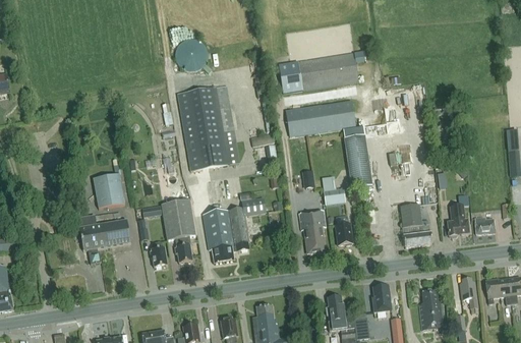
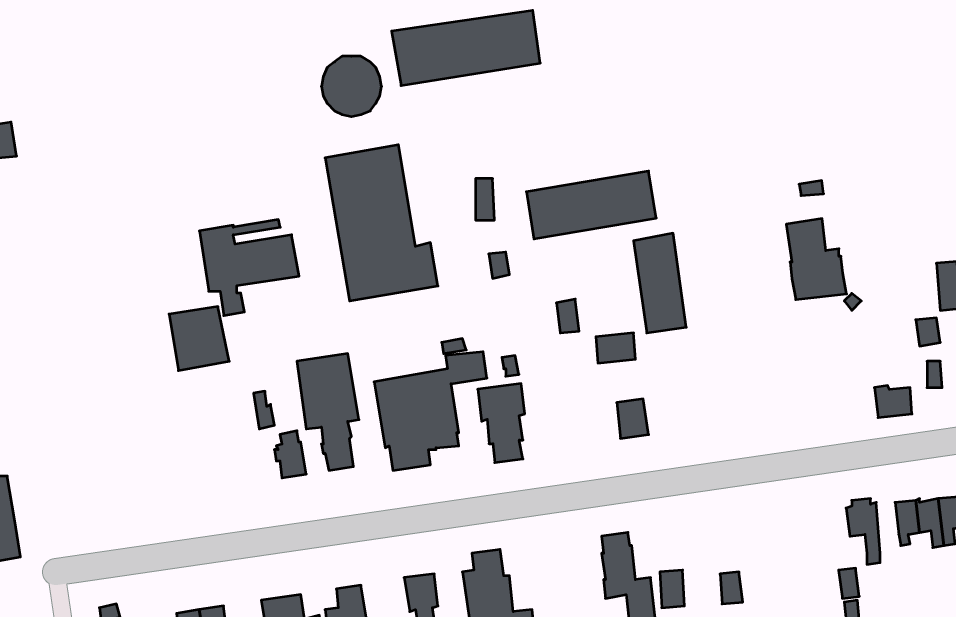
building: [278,51,358,92] -> [392,10,540,86]
building: [400,203,432,246] -> [786,219,847,300]
building: [447,204,469,237] -> none
building: [299,209,325,251] -> [478,384,525,463]
building: [77,211,131,263] -> [199,220,299,316]
building: [371,284,392,311] -> none
building: [418,288,442,329] -> none

